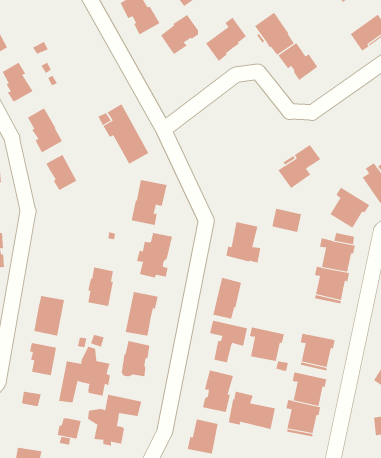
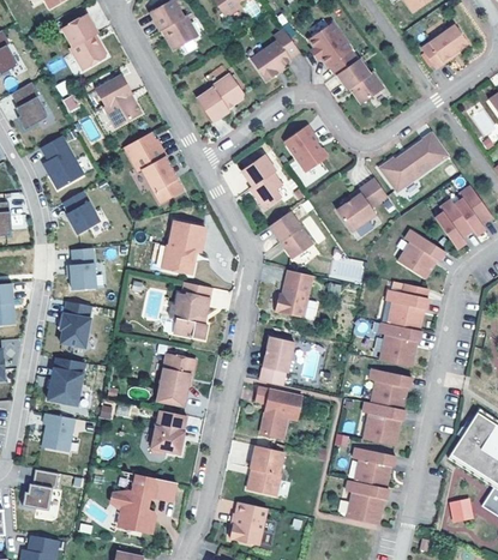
building: none -> [62,14,106,71]
building: [160,14,199,55] -> [197,74,242,122]
building: none -> [96,76,140,127]
building: none -> [284,125,328,171]
building: none -> [379,132,449,192]
building: none -> [241,155,282,209]
building: none -> [269,211,312,259]
building: none -> [70,247,96,289]
building: [88,267,114,307] -> [60,301,91,348]
building: [249,327,285,362] -> [370,368,412,409]
building: [58,346,111,403] -> none
building: [228,391,276,430] -> none
building: [57,418,81,439] -> [23,484,52,510]

